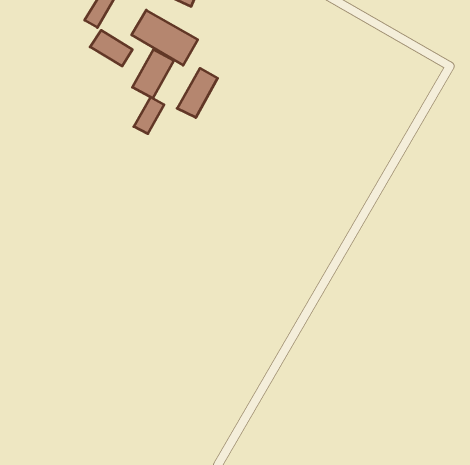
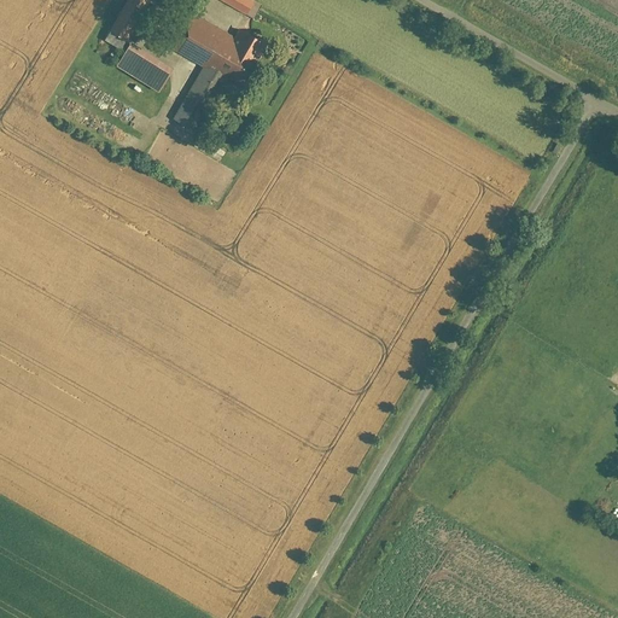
building: [177,68,218,118] -> none
building: [134,97,164,134] -> none

